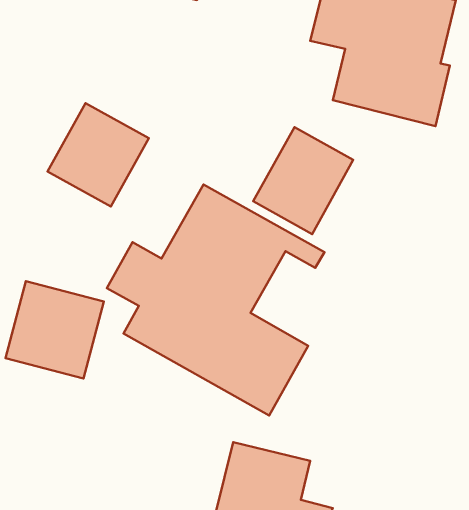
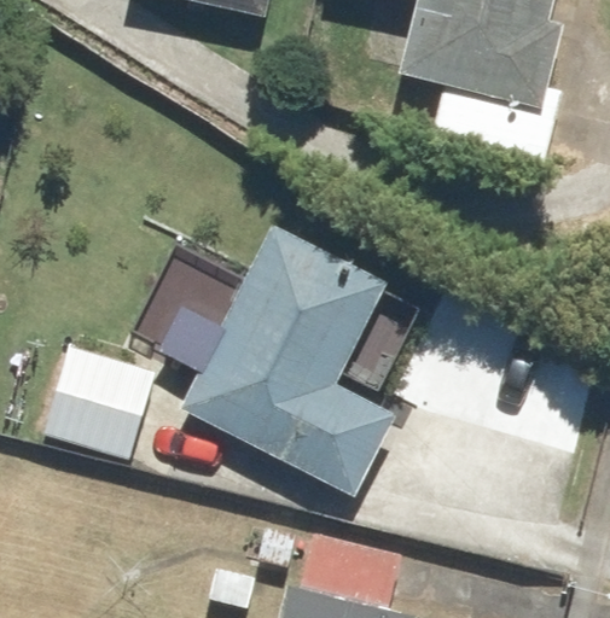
building: [47,103,149,207] -> none
building: [253,127,353,234] -> none

